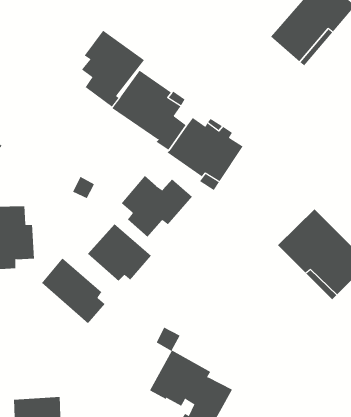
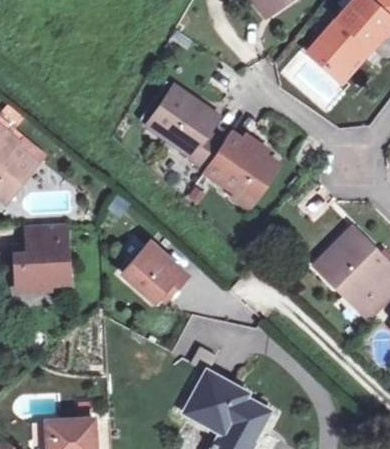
building: [81,30,145,108] -> none
building: [121,175,193,238] -> none
building: [41,257,105,324] -> none

